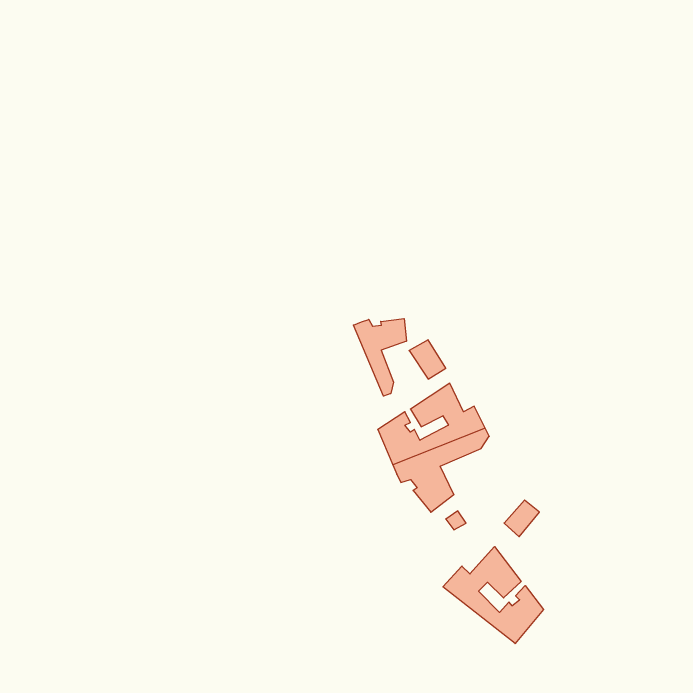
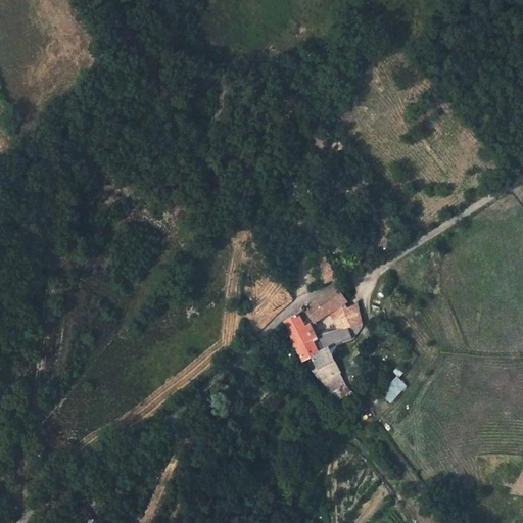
building: [353,319,406,396] -> none
building: [443,547,544,644] -> none

